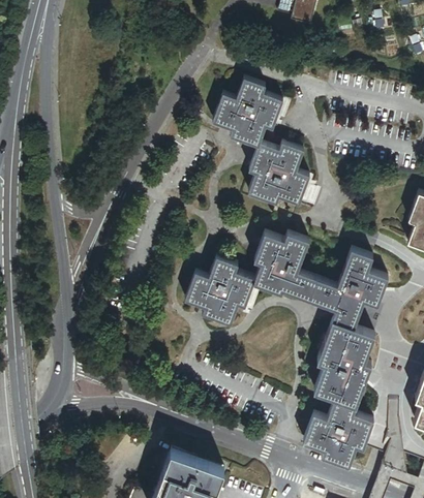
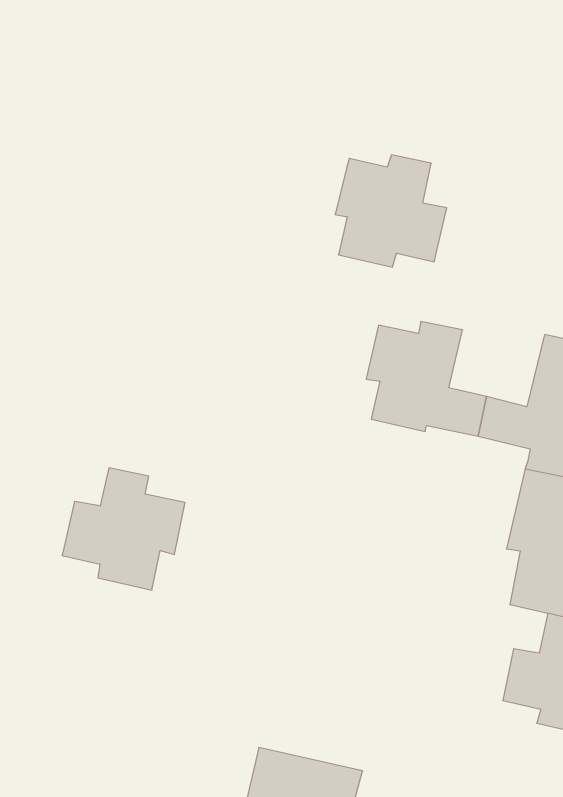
building: [214,76,283,146] -> none
building: [187,254,256,322] -> [62,468,185,590]

